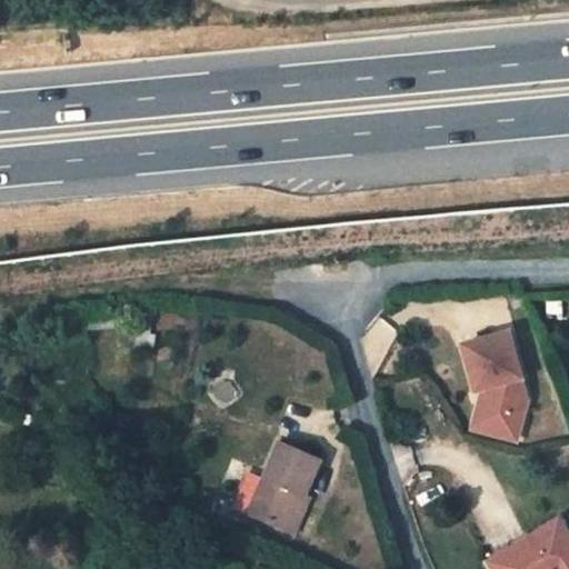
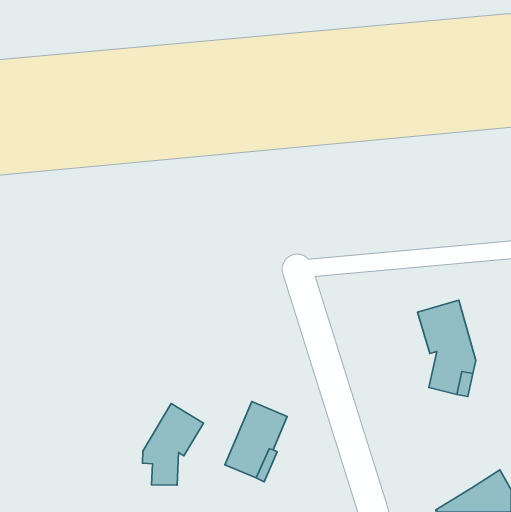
building: none -> [142,404,204,485]

